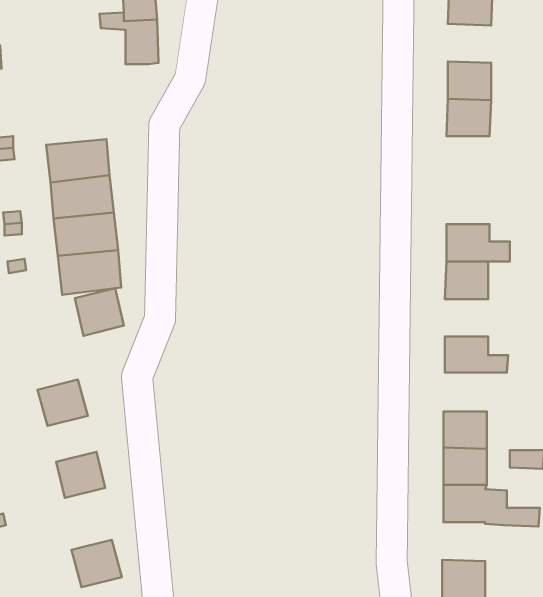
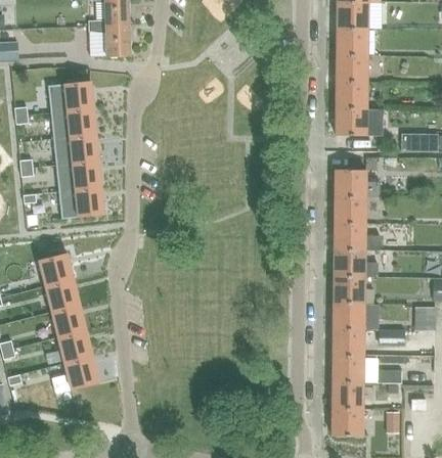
building: none -> [337,28,367,55]
building: none -> [48,82,94,113]
building: none -> [336,107,384,135]
building: [75,288,124,336] -> [39,254,74,287]
building: none -> [335,223,381,249]
building: none -> [334,275,379,303]
building: none -> [52,306,87,338]
building: none -> [333,381,363,409]
building: [72,540,122,587] -> [64,357,100,391]

